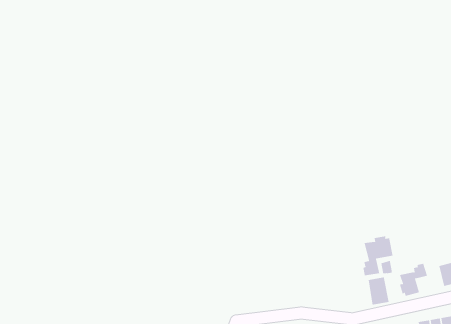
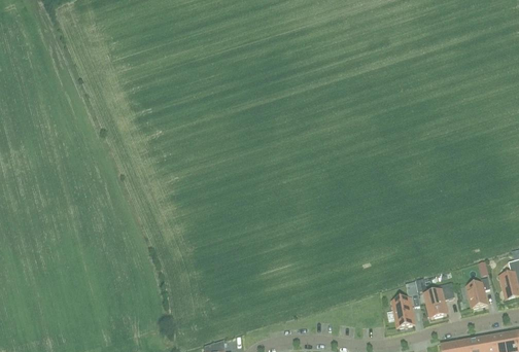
building: [363,235,393,276] -> none

